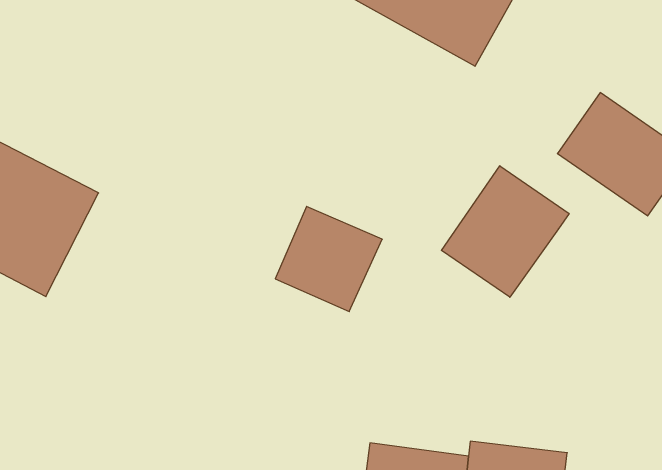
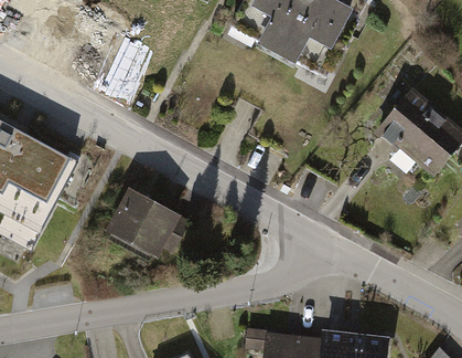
building: [441,166,569,297] -> none
building: [275,206,382,312] -> [108,189,180,260]

